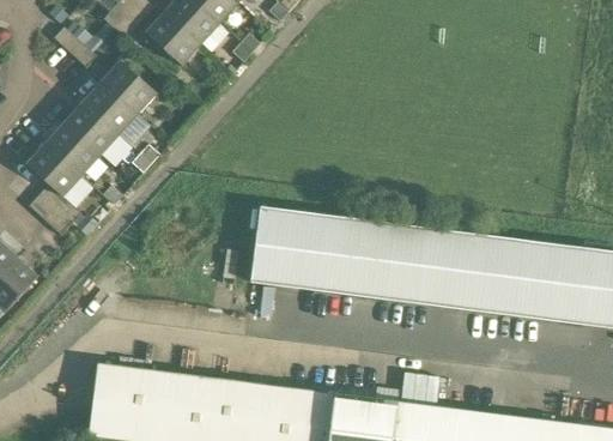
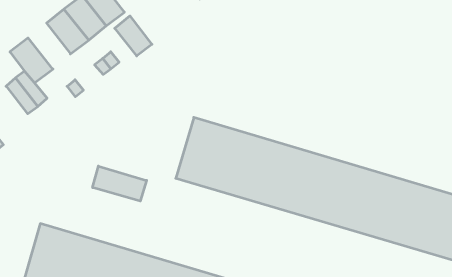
building: none -> [115,16,152,56]
building: [47,121,101,175] -> none
building: none -> [93,166,147,201]

